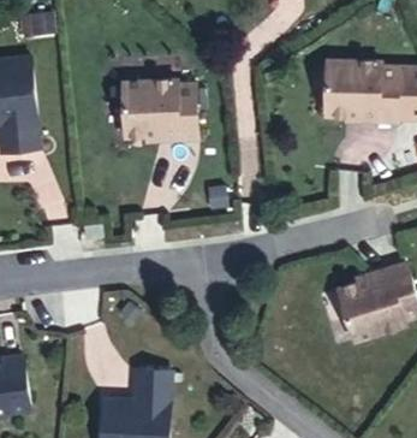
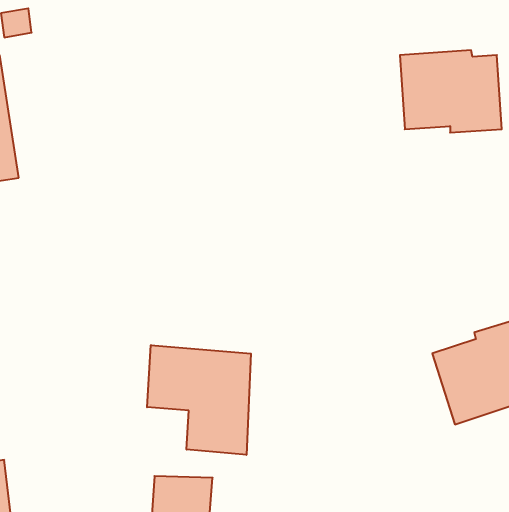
building: [109,84,186,146] -> none
building: none -> [147,345,251,455]

